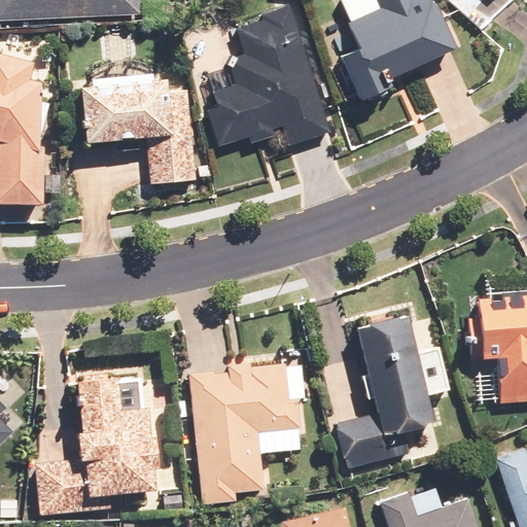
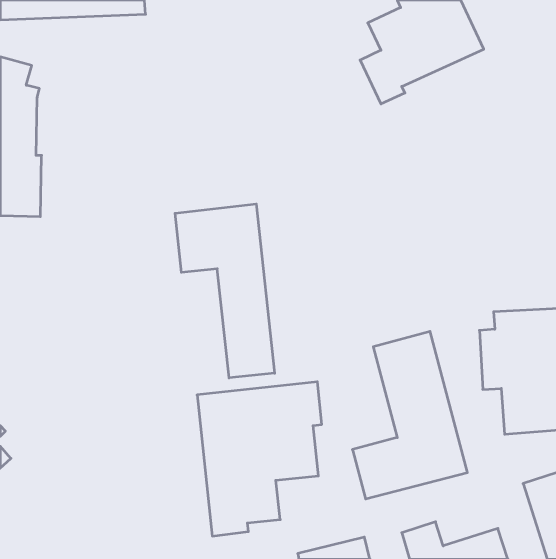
building: [209,5,329,146] -> none
building: [80,78,197,183] -> none
building: none -> [175,204,275,378]
building: [31,376,160,516] -> none

